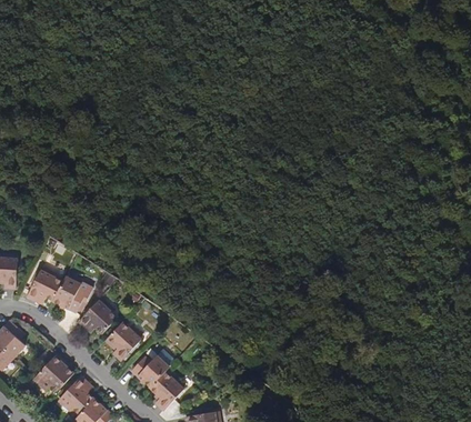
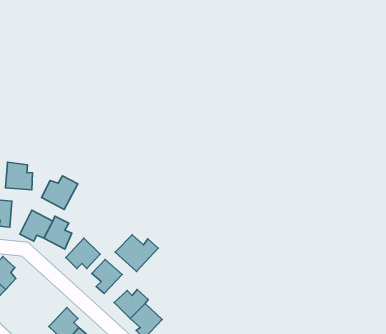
building: none -> [5,162,33,190]
building: none -> [42,176,78,209]
building: none -> [115,235,158,271]
building: [32,352,72,392] -> none

